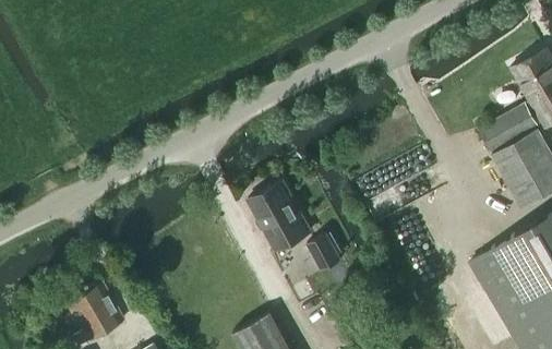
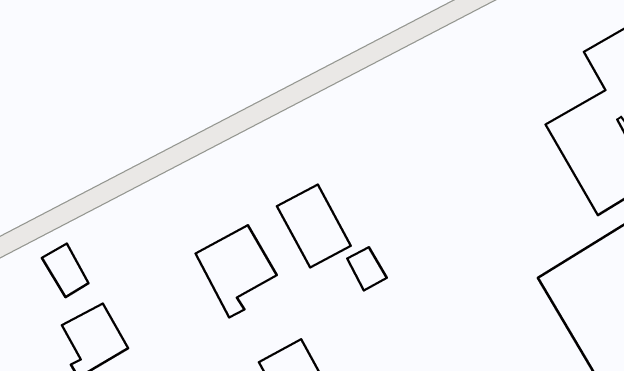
building: none -> [195,225,277,317]
building: none -> [42,243,89,297]

